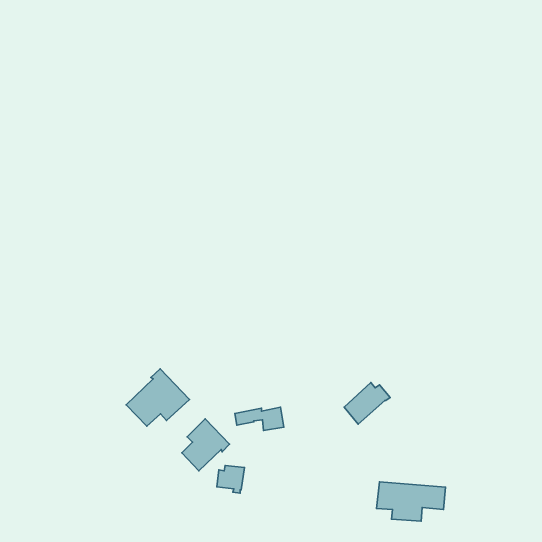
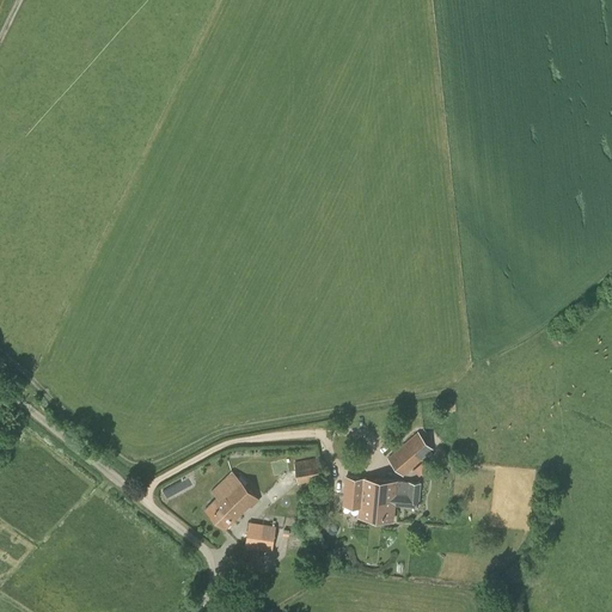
building: [126,369,189,426] -> none
building: [376,482,446,521] -> [342,477,420,521]

